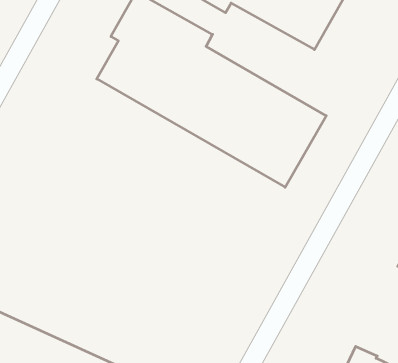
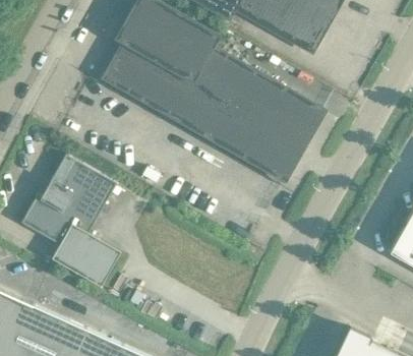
building: none -> [20,156,120,288]

